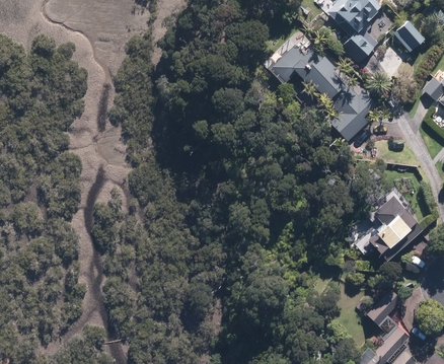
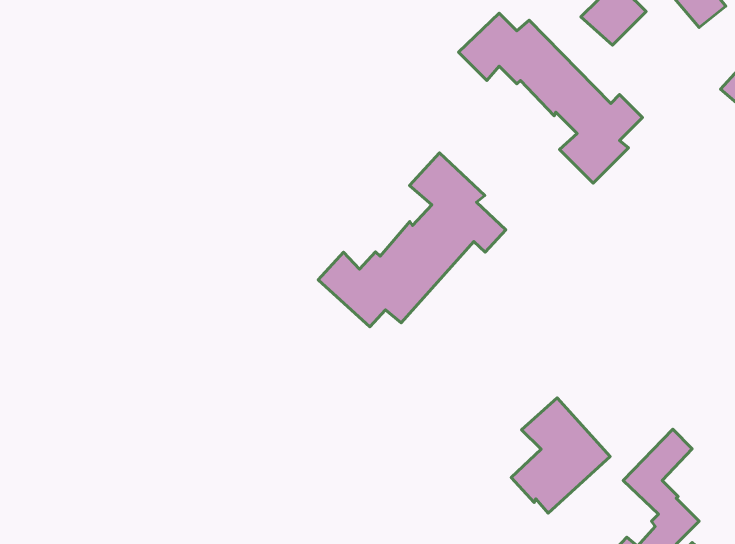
building: none -> [318,153,506,327]
building: [366,197,423,263] -> [511,398,610,513]

